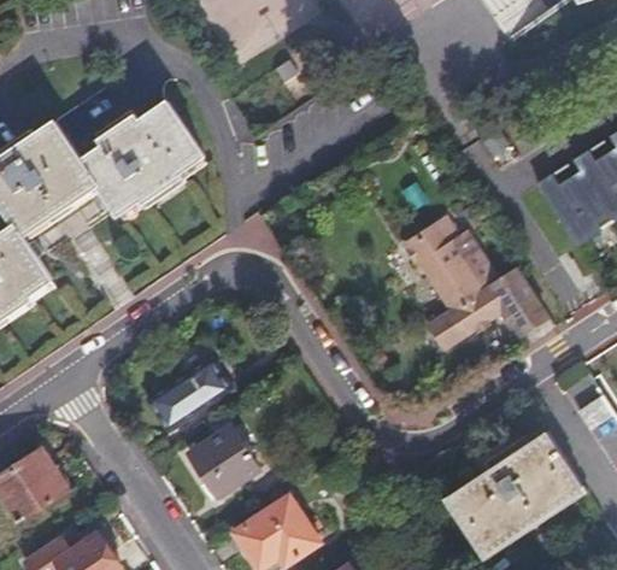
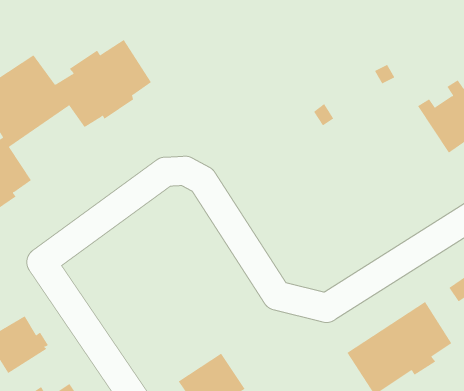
building: [399,206,547,346] -> none
building: [148,359,233,433] -> none
building: [190,428,259,496] -> none

